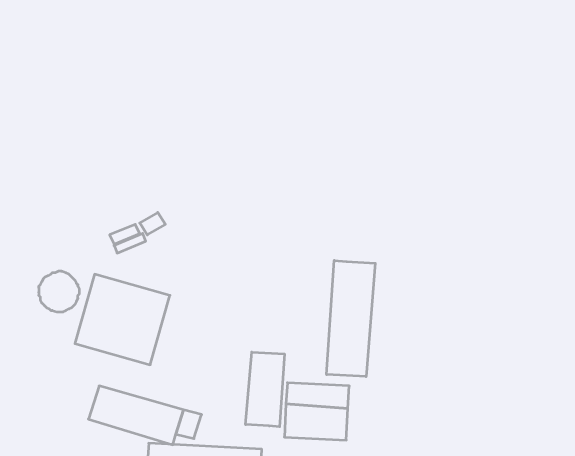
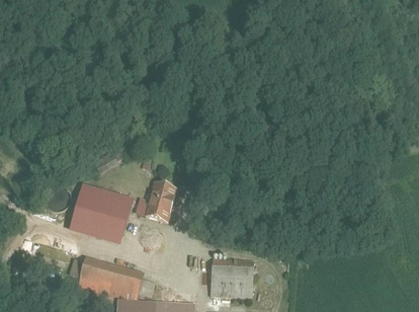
building: [327,260,375,377] -> none
building: none -> [137,182,175,221]
building: [246,352,284,427] -> none

